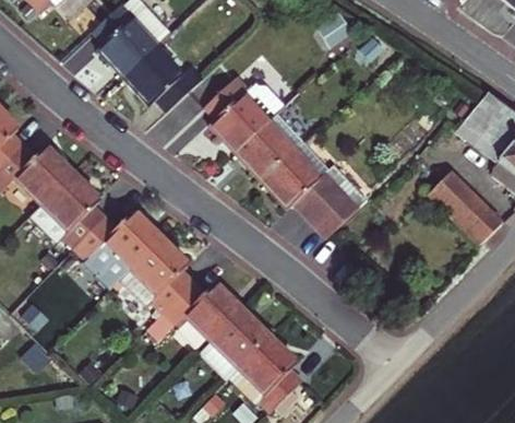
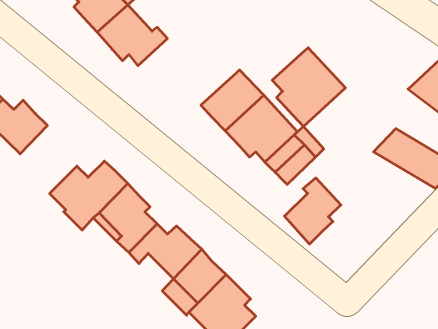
building: [206,74,276,151] -> none
building: none -> [272,48,345,127]
building: [31,173,105,246] -> none
building: none -> [284,178,341,244]

